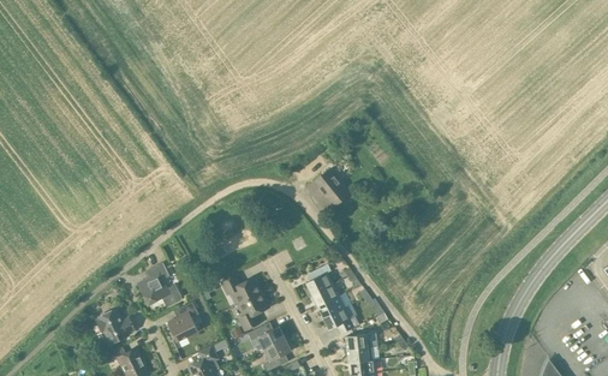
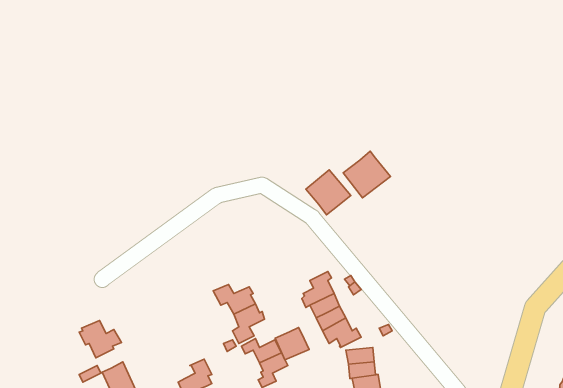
building: none -> [343,151,391,198]
building: [137,262,183,306] -> none
building: [167,300,198,341] -> none
building: none -> [275,327,309,360]

